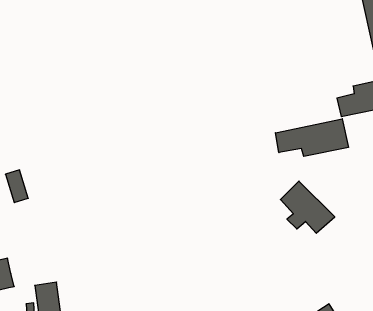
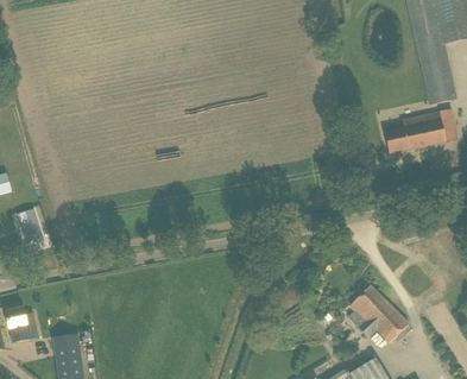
building: [275,119,348,156] -> none
building: [280,181,335,233] -> [349,285,409,342]

